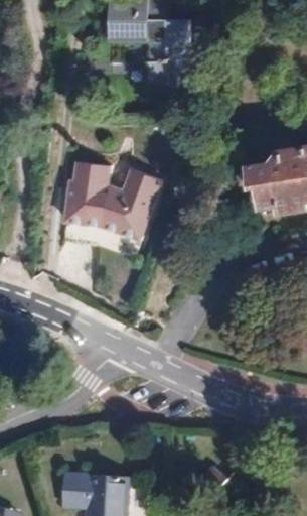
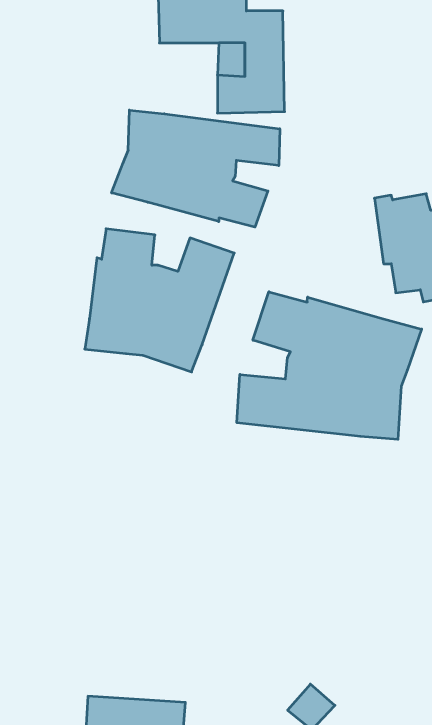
building: none -> [112,110,280,227]
building: none -> [237,292,422,439]

